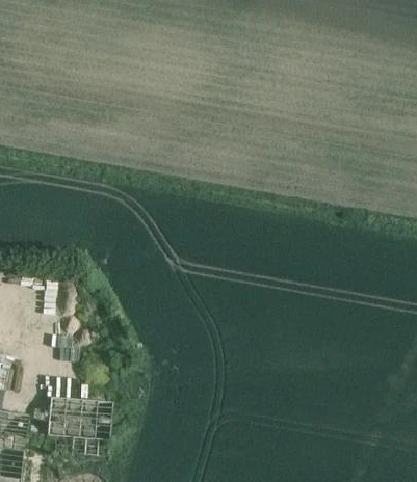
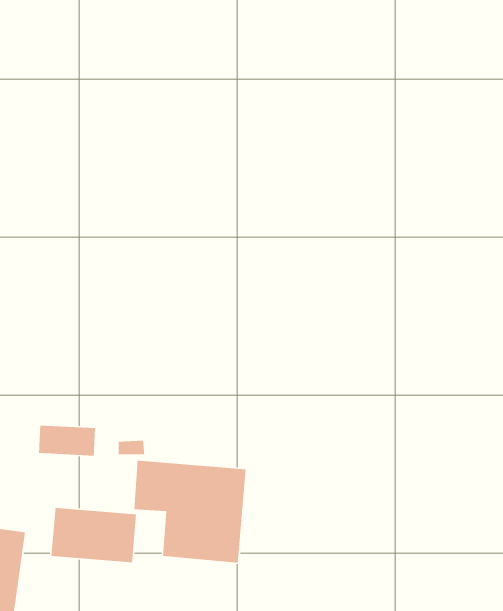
building: none -> [133,460,246,563]

